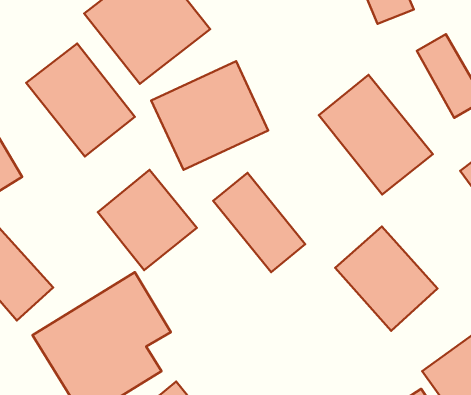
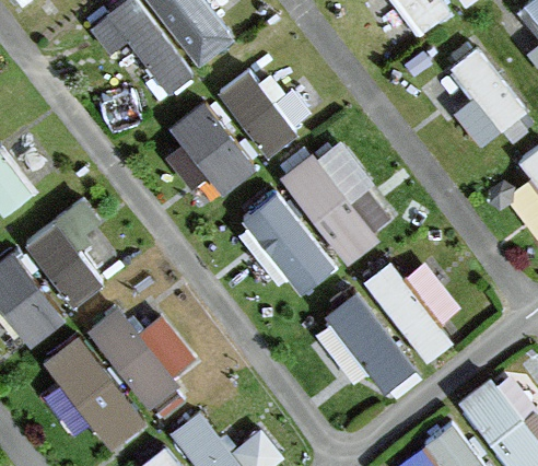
building: [26,43,135,157] -> none
building: [319,75,433,195] -> [279,133,399,260]
building: [98,170,197,270] -> [19,201,124,307]
building: none -> [320,284,411,391]

